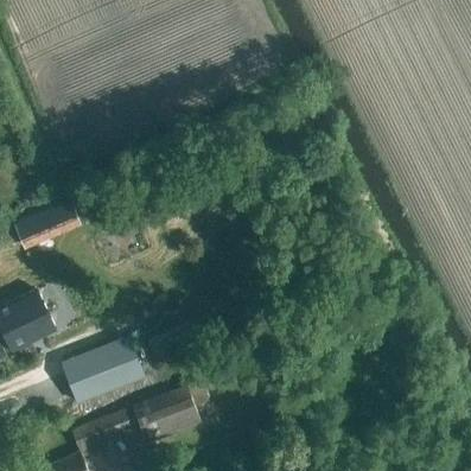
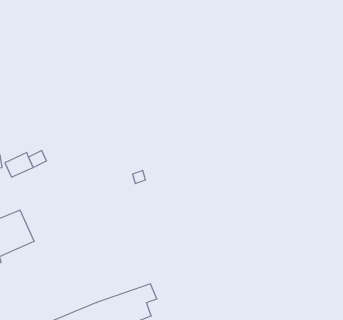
building: [64,336,146,402] -> none

